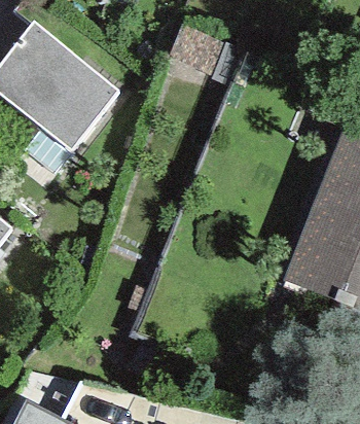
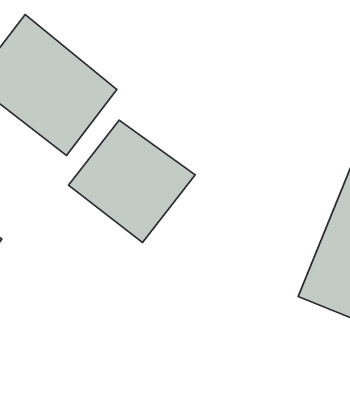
building: none -> [68,120,195,243]

